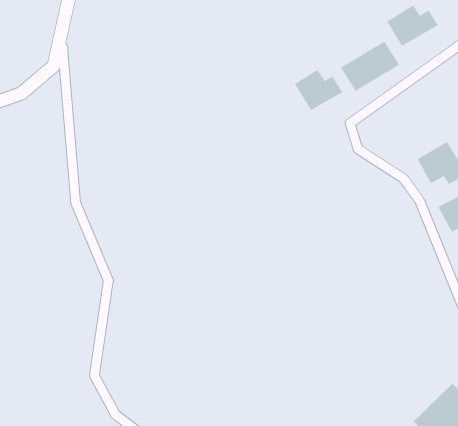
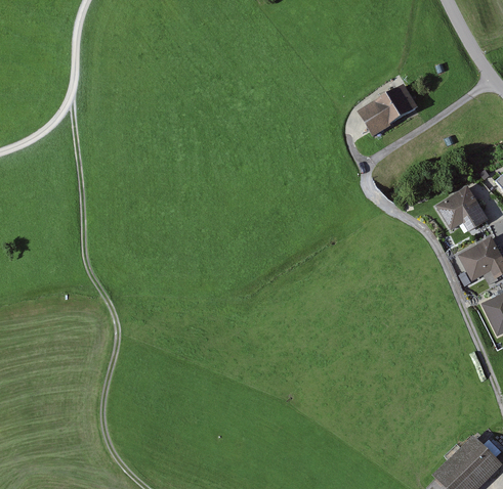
building: [386,5,439,47] -> none
building: [294,69,343,111] -> none

